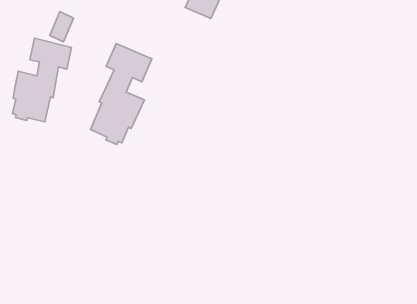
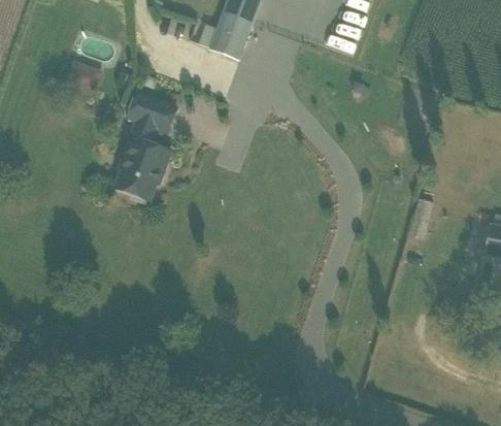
building: [13,38,71,122] -> none

